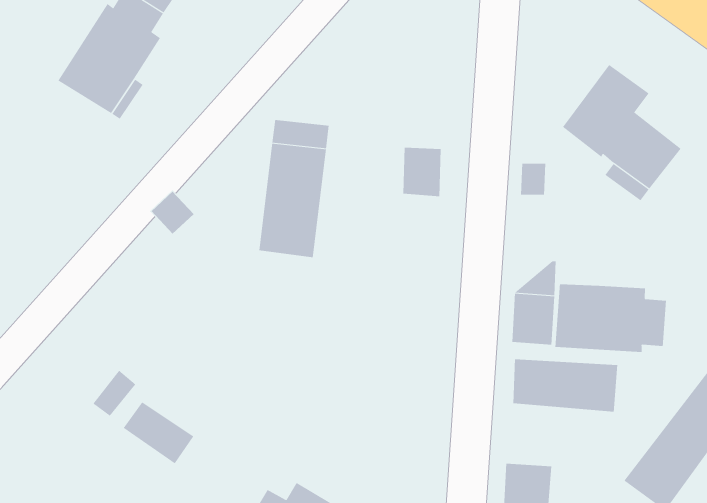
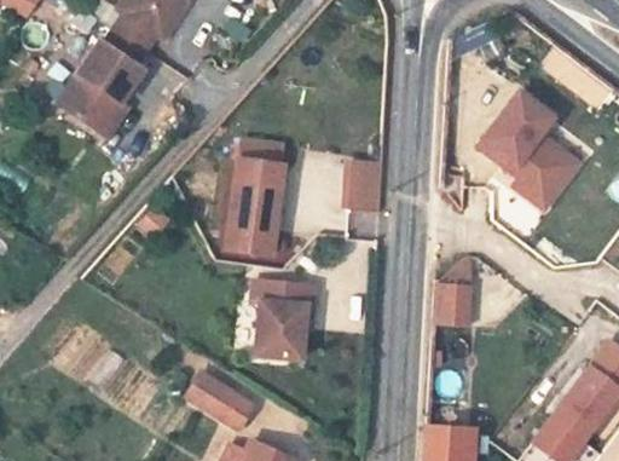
building: [555,284,666,353] -> none
building: none -> [253,281,316,359]
building: [513,358,618,413] -> none
building: [123,401,194,464] -> [192,378,251,430]

